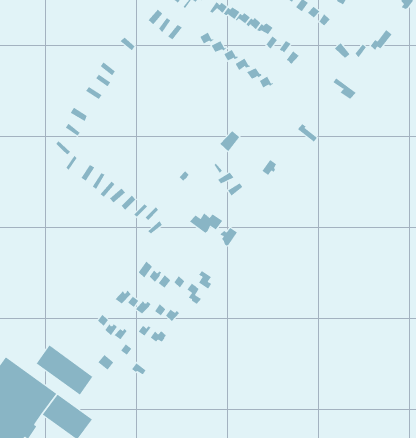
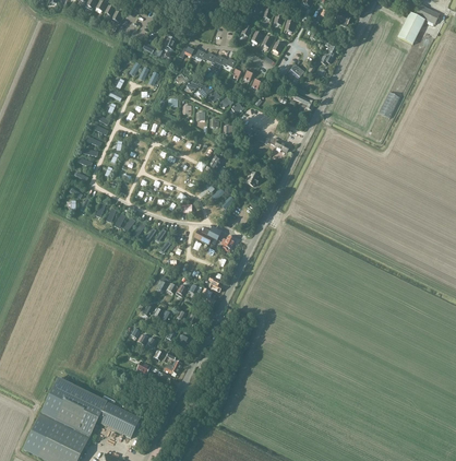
building: [36,345,93,396] -> none

